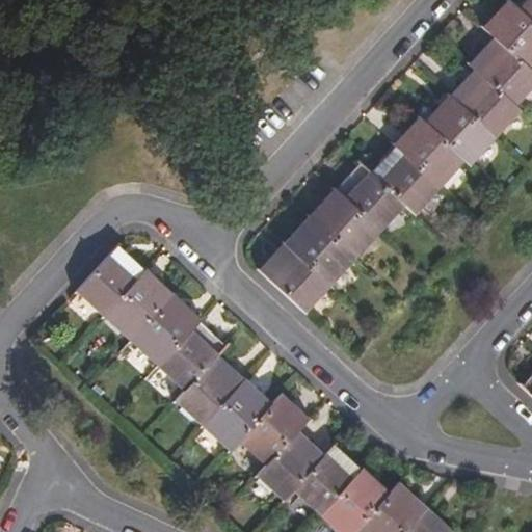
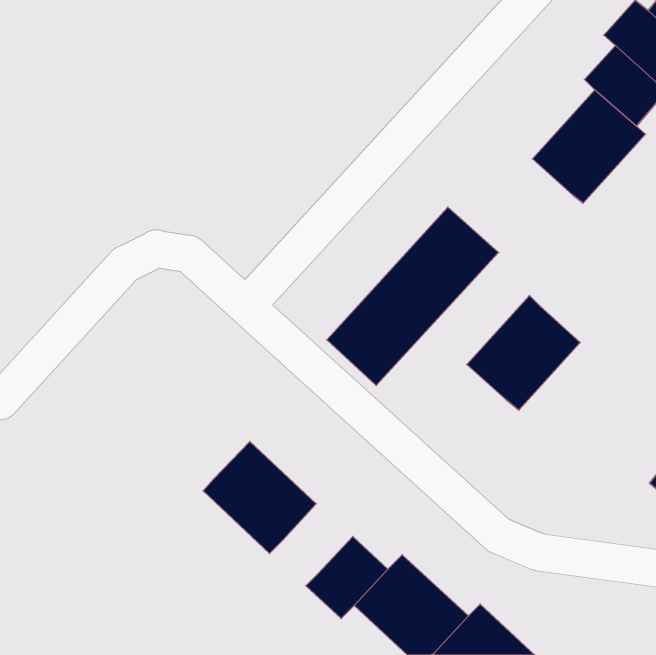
building: [374,118,464,210] -> [467,295,580,410]
building: [73,244,216,382] -> none
building: [233,391,299,458] -> none

